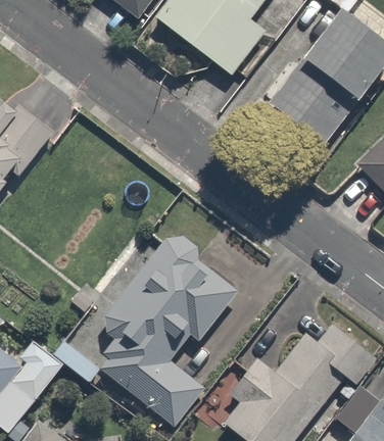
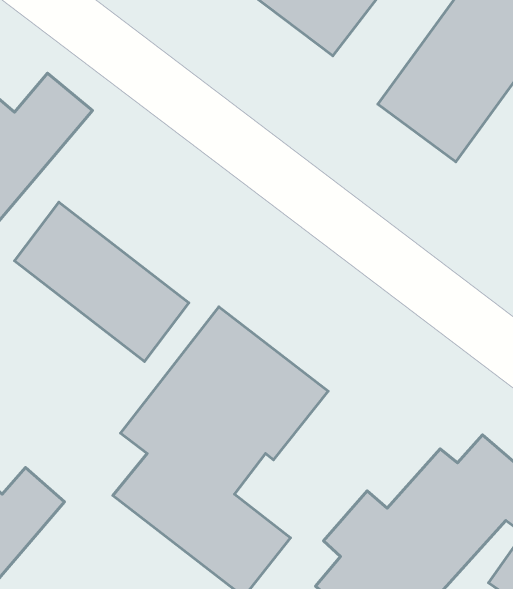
building: none -> [15,202,189,361]

